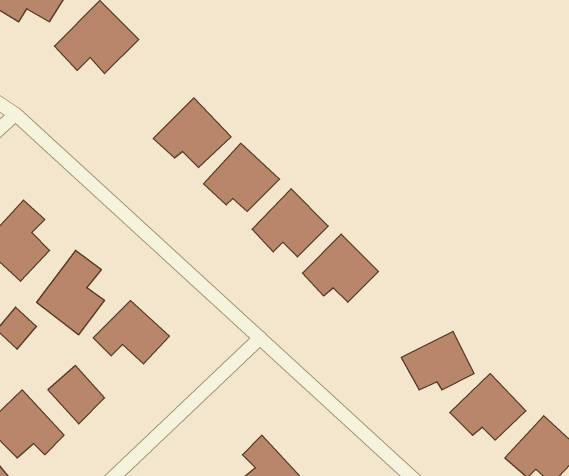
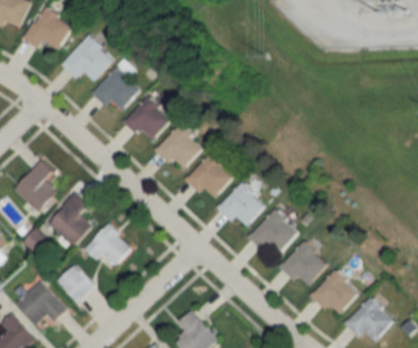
building: none -> [90,60,138,110]
building: none -> [247,208,298,254]

